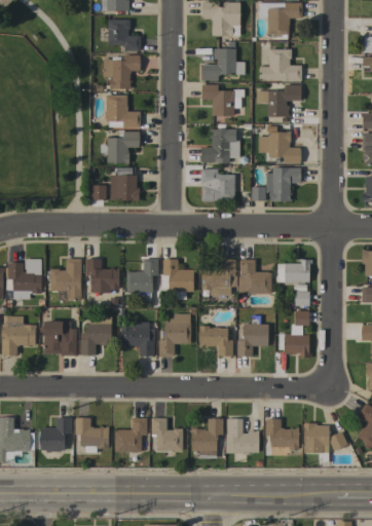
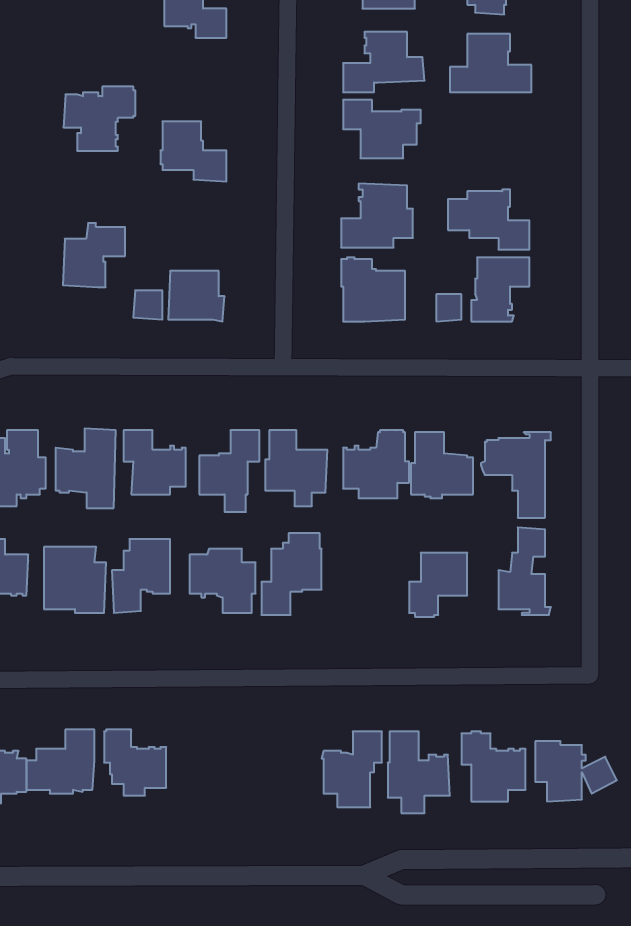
building: [103,54,141,88] -> [63,87,135,151]
building: [257,85,301,117] -> none
building: [107,129,140,163] -> [63,223,125,287]
building: [199,326,233,355] -> none
building: [111,415,147,453] -> none
building: [152,417,183,451] -> none

